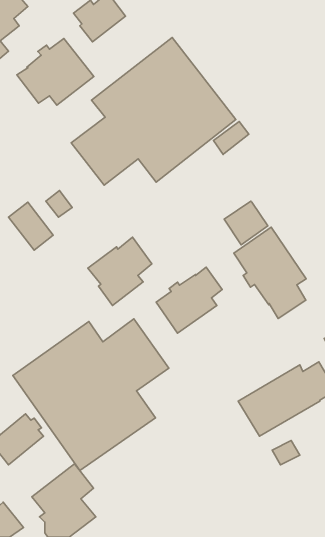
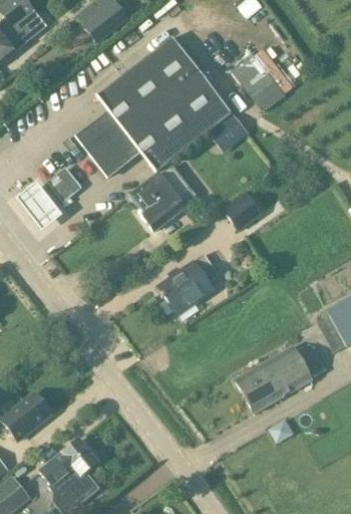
building: [17,38,94,105] -> none
building: none -> [231,52,288,116]
building: [234,227,306,319] -> none
building: [88,237,152,305] -> [131,165,192,229]
building: [13,319,169,471] -> none

